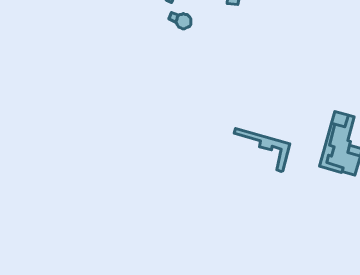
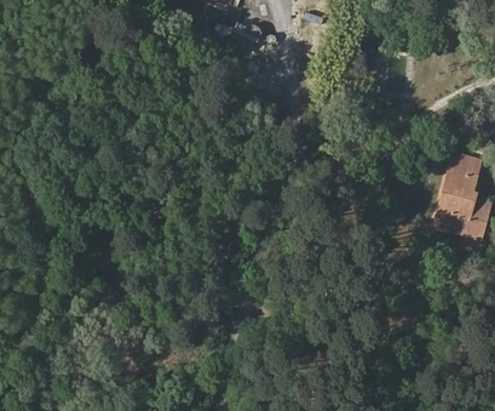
building: [234,129,290,171] -> none

